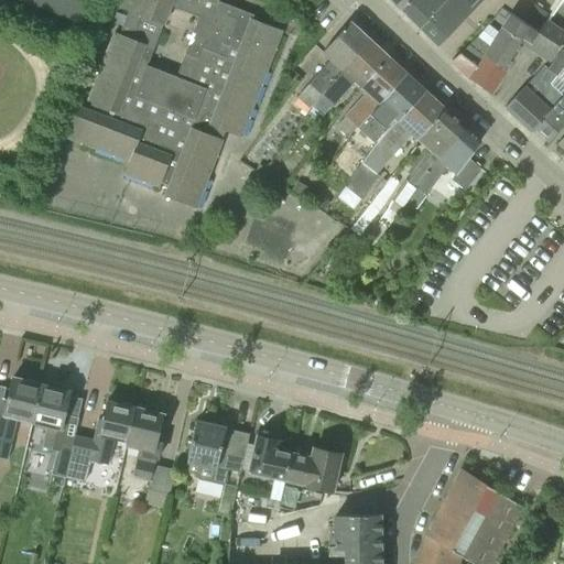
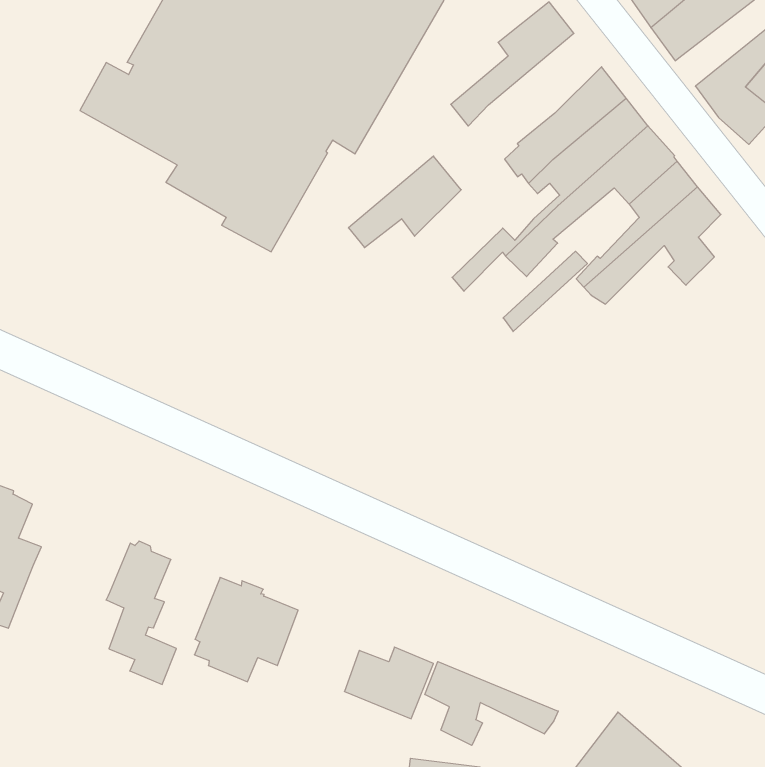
building: [323,40,391,105] -> [348,156,461,248]
building: [67,401,137,479] -> none
building: [250,434,293,481] -> none
building: none -> [425,662,558,745]

